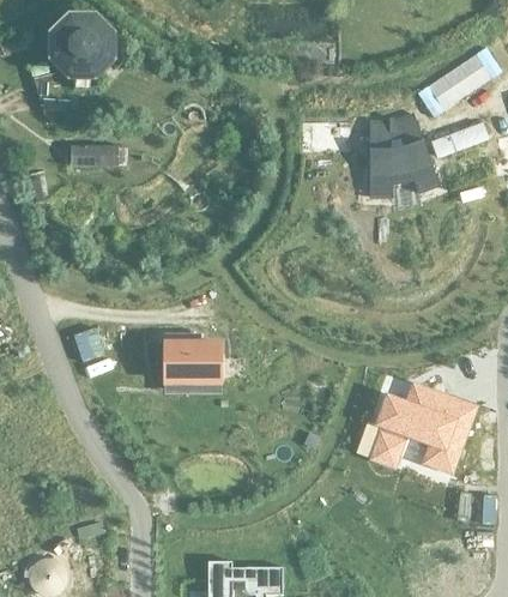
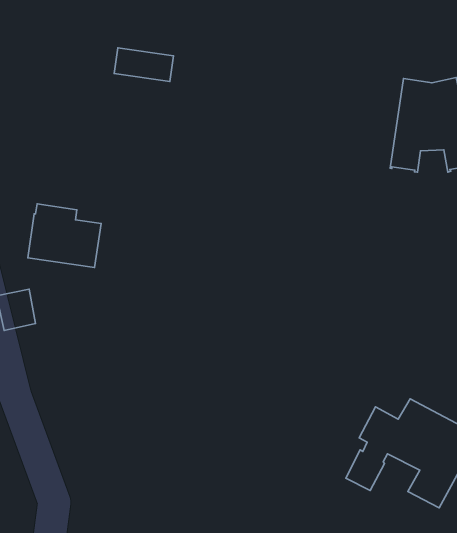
building: [69,145,116,167] -> [114,48,173,82]
building: [164,336,220,381] -> [28,204,101,268]

